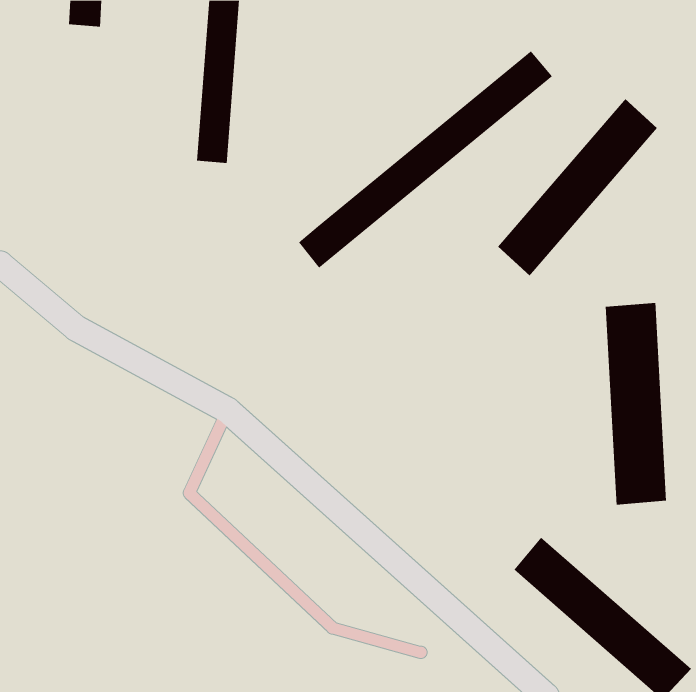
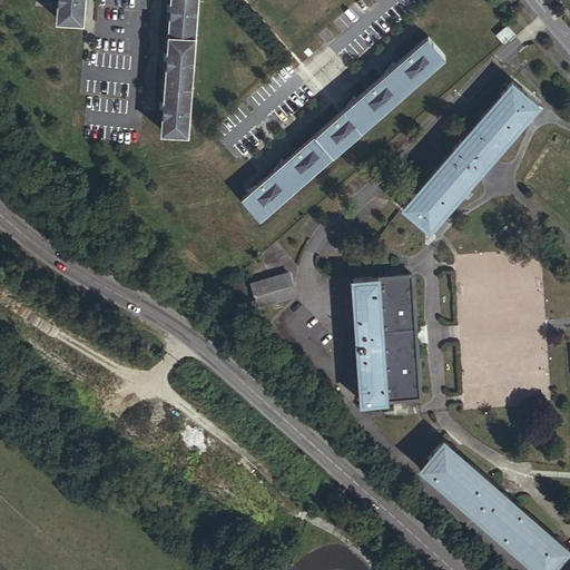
building: [605,302,667,505] -> none
building: none -> [250,274,291,304]
building: none -> [350,278,417,404]

